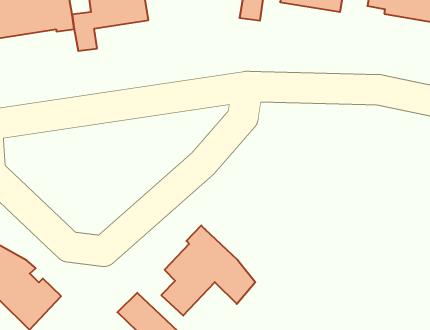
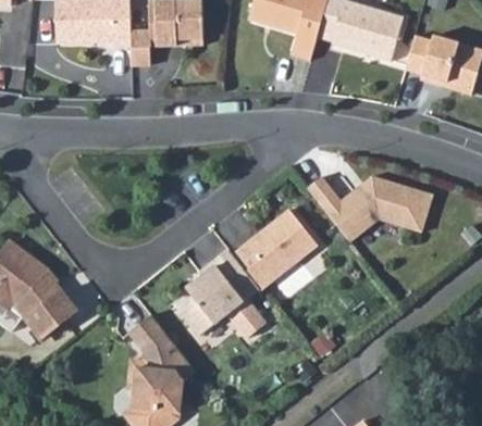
building: none -> [309,173,434,238]
building: none -> [226,214,312,296]

